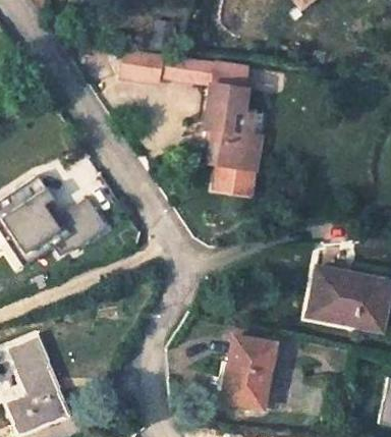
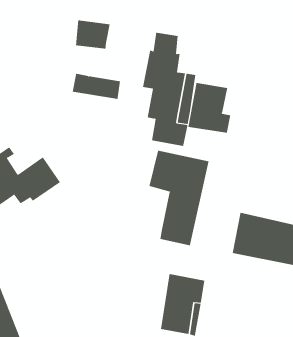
building: [163,51,219,81] -> [72,73,121,100]
building: none -> [188,82,231,134]
building: none -> [149,150,209,246]

